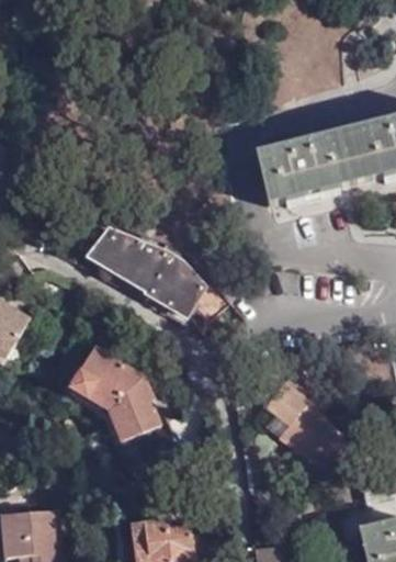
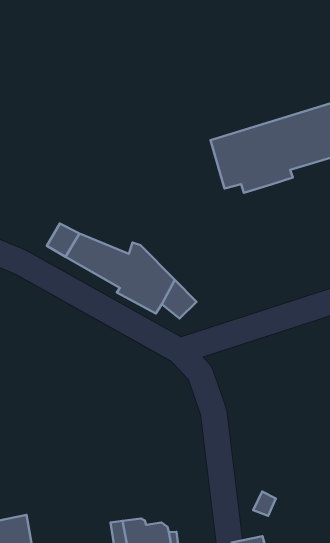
building: [71,344,160,436] -> none
building: [261,372,343,470] -> none

